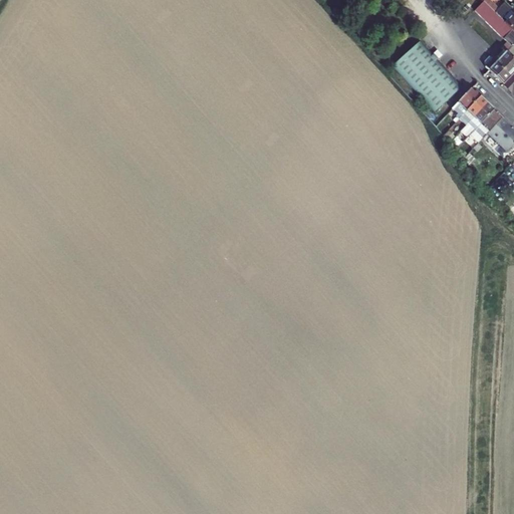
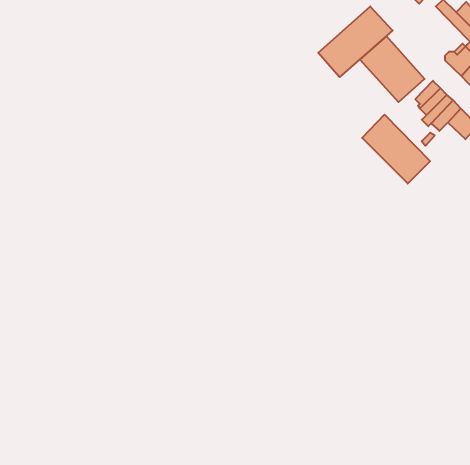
building: none -> [318,6,393,77]
building: none -> [362,115,430,184]

